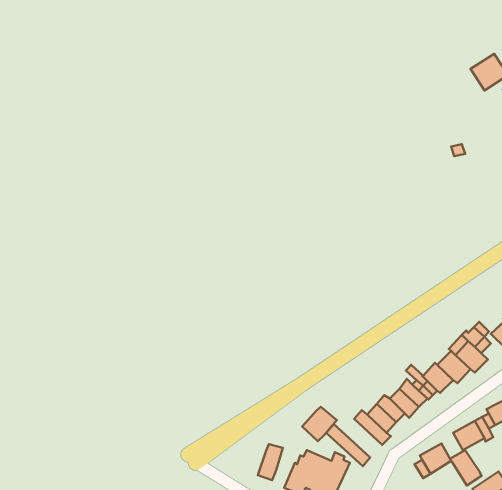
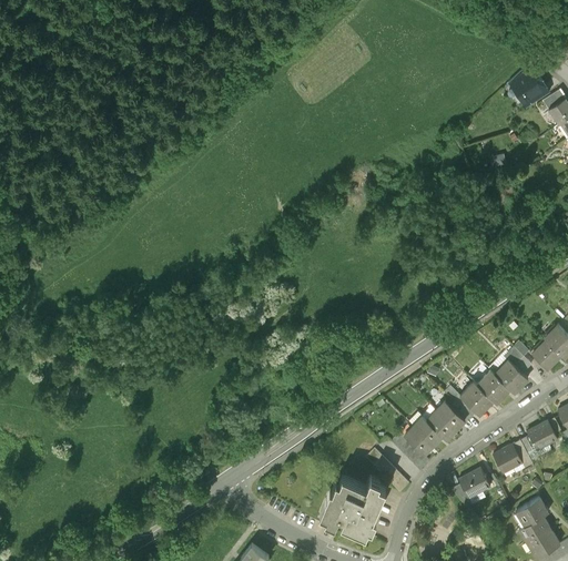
building: [302,407,337,441] -> none
building: [258,444,283,480] -> none
building: [450,449,482,486] -> none

